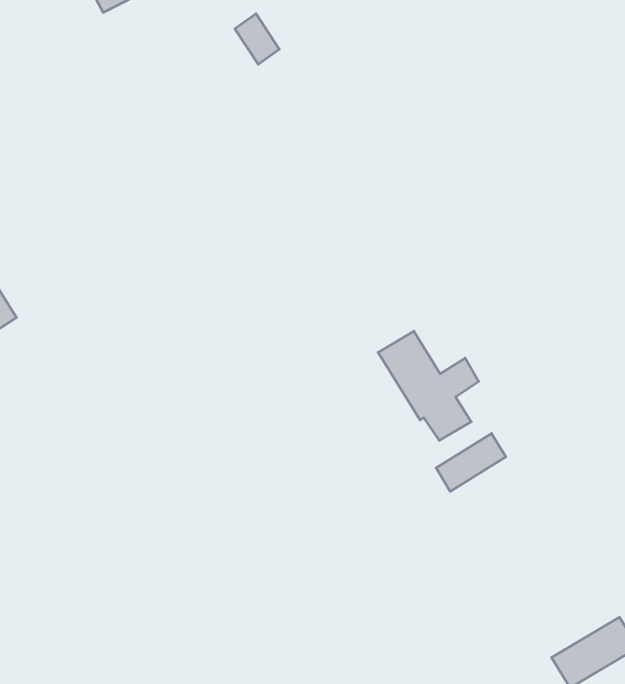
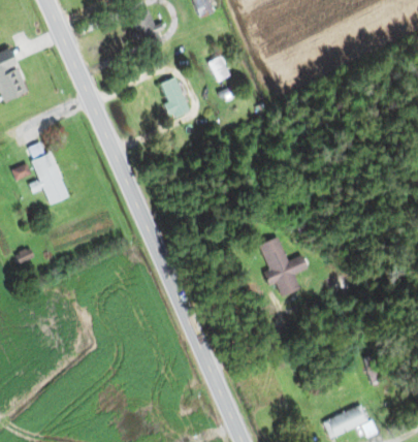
building: none -> [160,77,190,119]
building: [436,433,506,491] -> none

